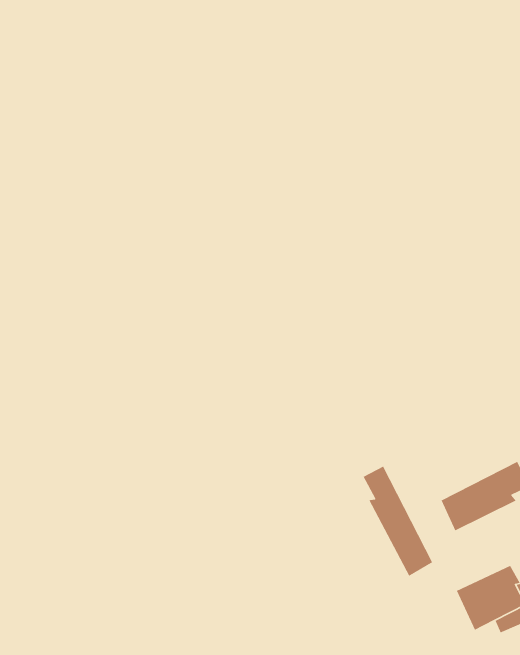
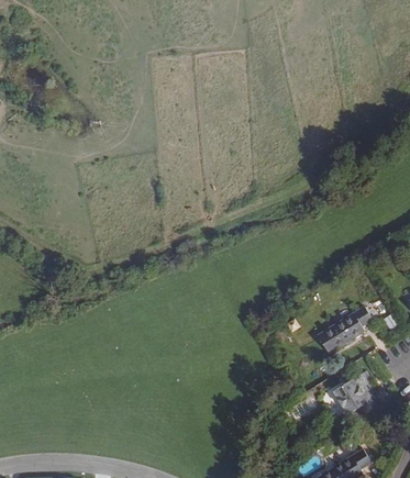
building: [362,466,433,577] -> none

